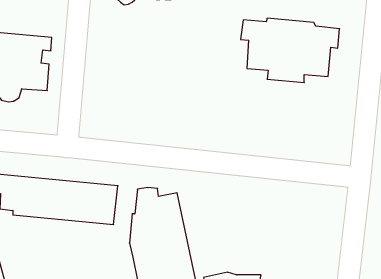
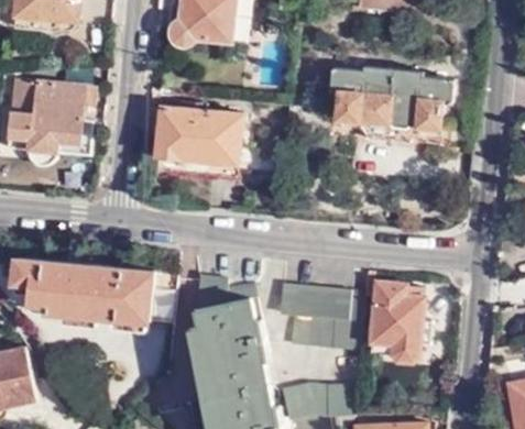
building: none -> [150,104,240,175]
building: none -> [369,282,420,355]
building: none -> [274,283,360,351]

